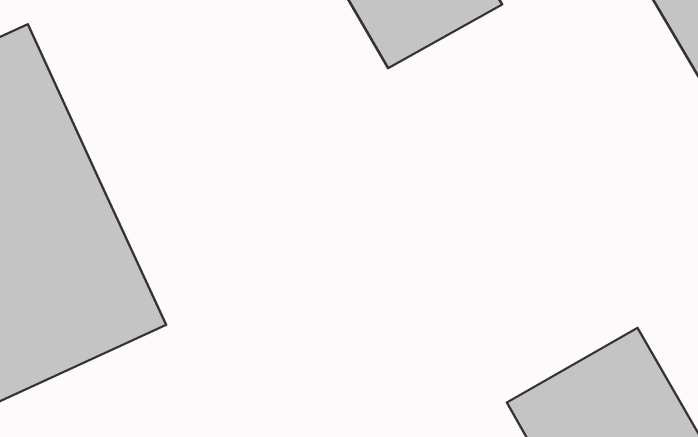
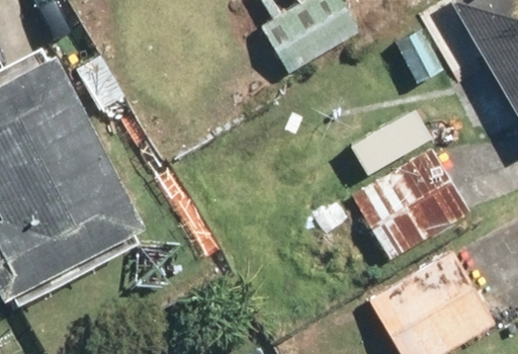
building: none -> [355,145,471,257]

